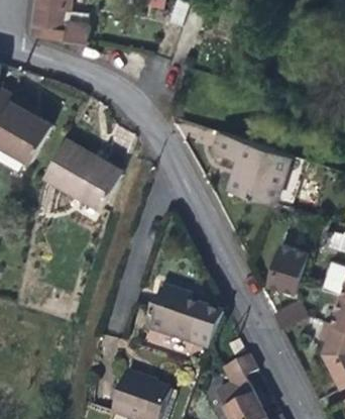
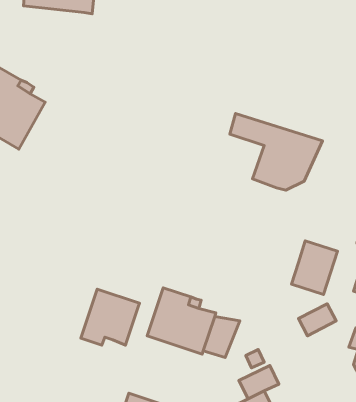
building: [42,138,119,211] -> none
building: none -> [81,289,139,345]

